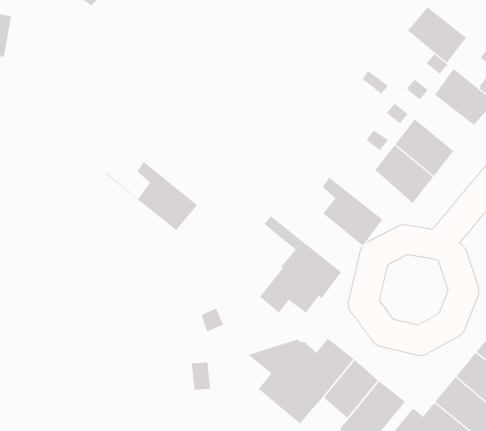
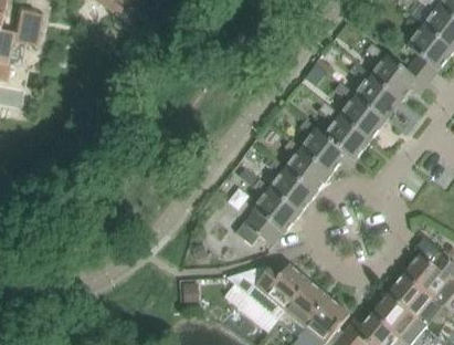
building: [407,6,467,63] -> [356,74,402,118]
building: none -> [299,118,355,171]
building: [105,161,198,231] -> [244,158,316,212]

